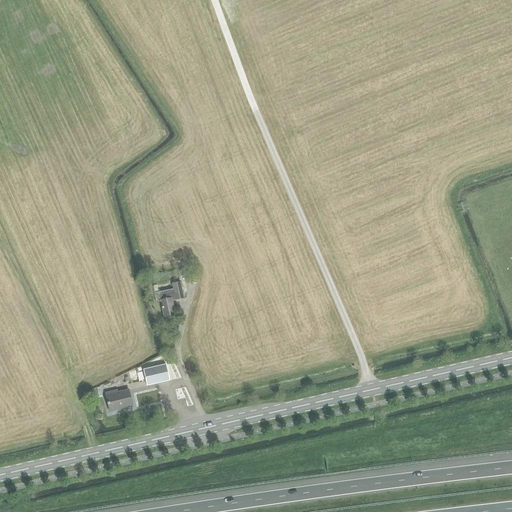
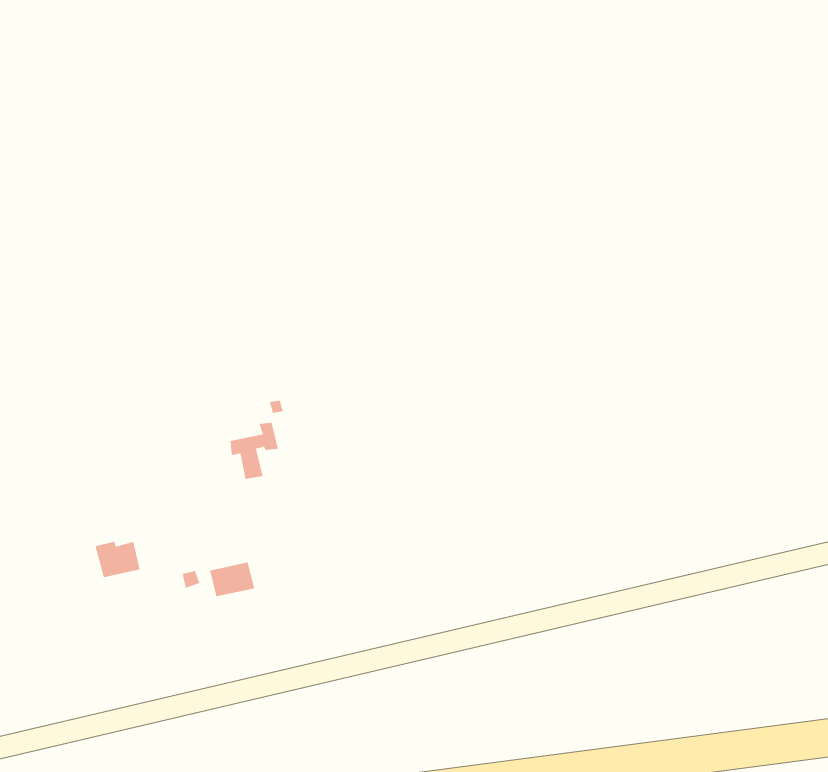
building: [105,388,132,410] -> [95,541,140,578]

